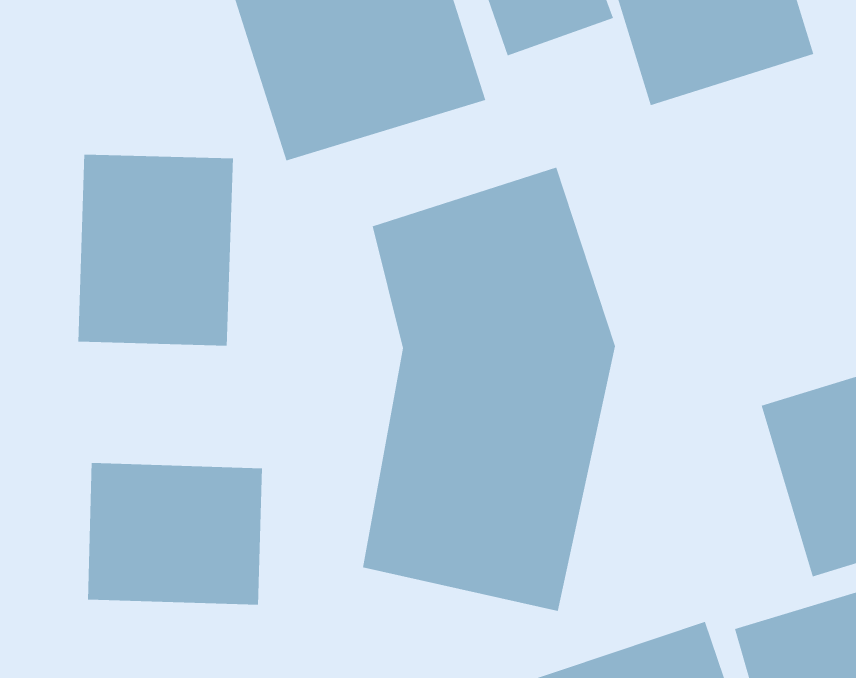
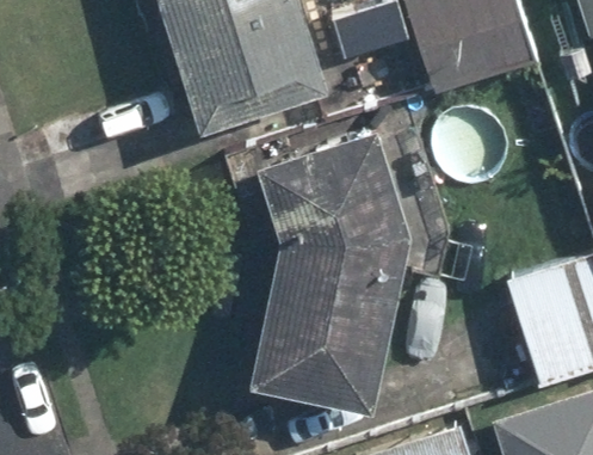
building: [78,154,233,346] -> none
building: [87,462,262,606] -> none

